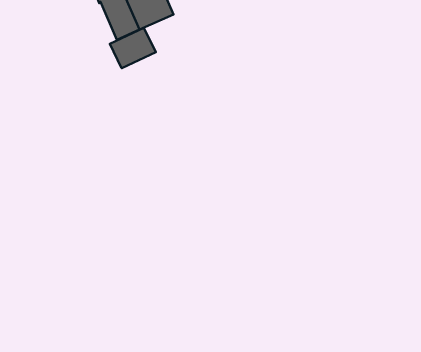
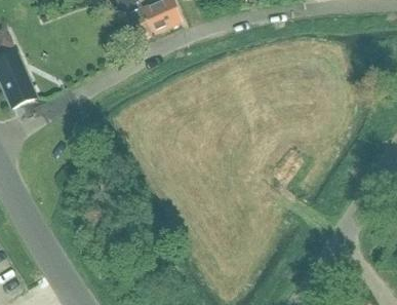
building: [110,28,156,68] -> none

